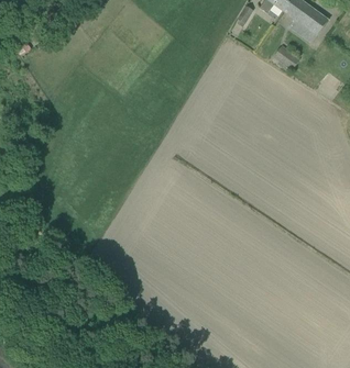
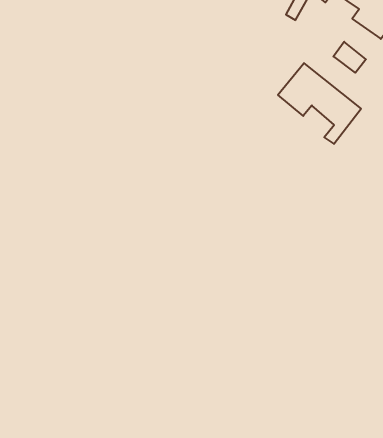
building: none -> [278,63,361,144]

